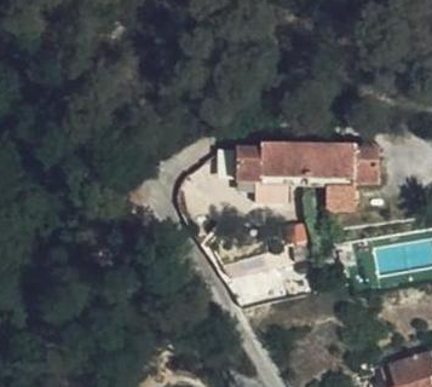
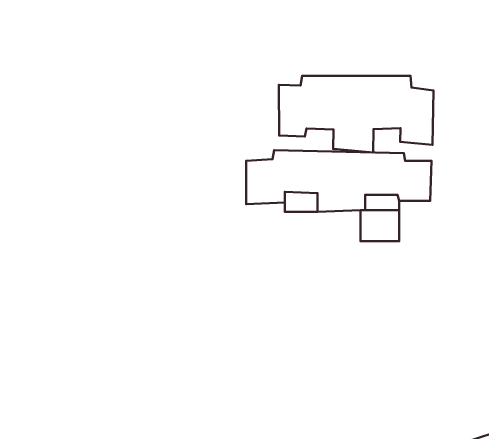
building: none -> [279,76,433,152]

